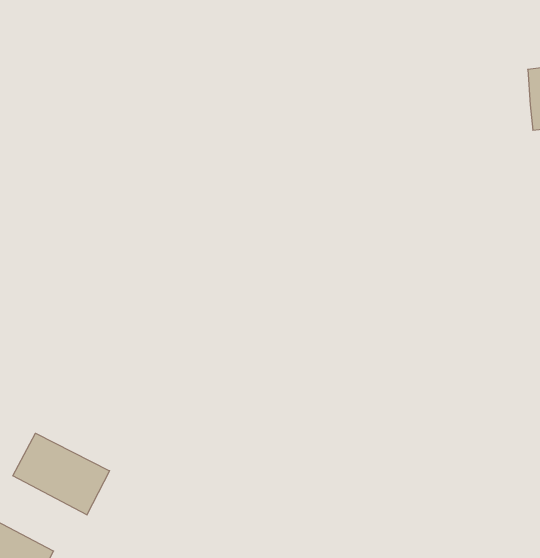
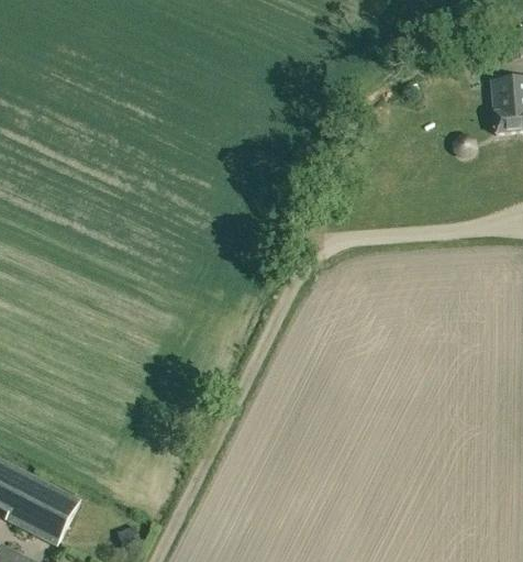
building: [13,433,110,515] -> none

